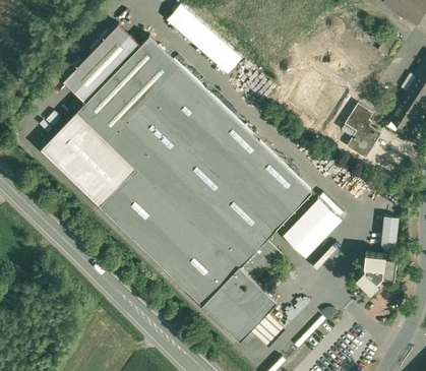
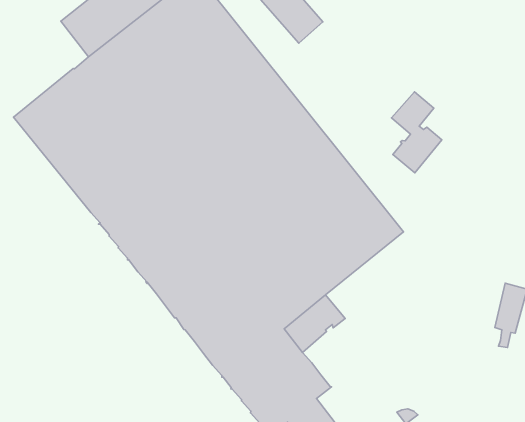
building: [345,104,380,158] -> [391,92,442,173]
building: [284,198,341,255] -> none
building: [356,253,397,292] -> none

